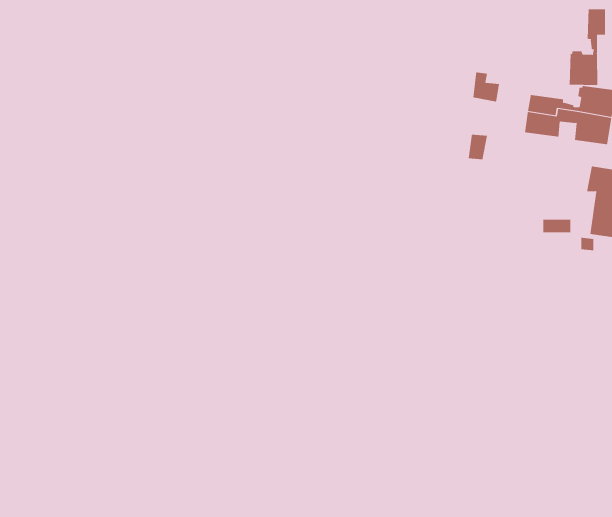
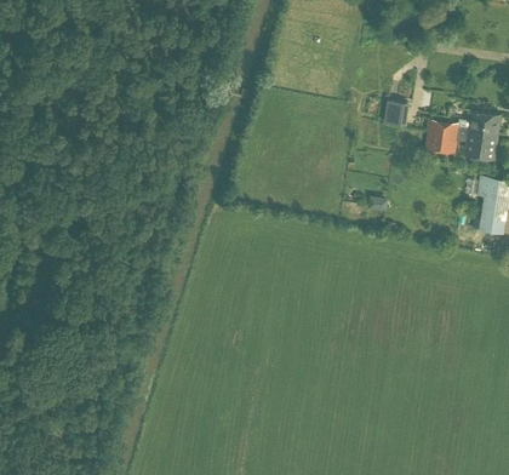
building: [569,9,606,86] -> none

